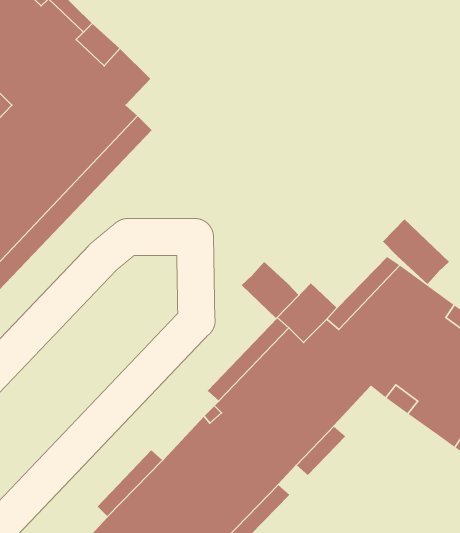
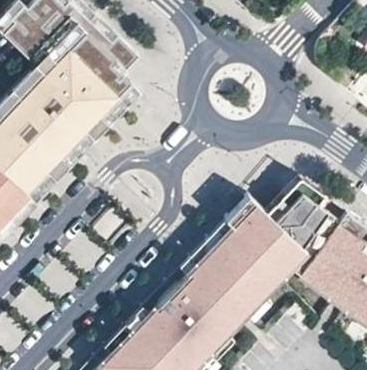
building: [382,219,450,285] -> none
building: [241,261,299,319] -> none

